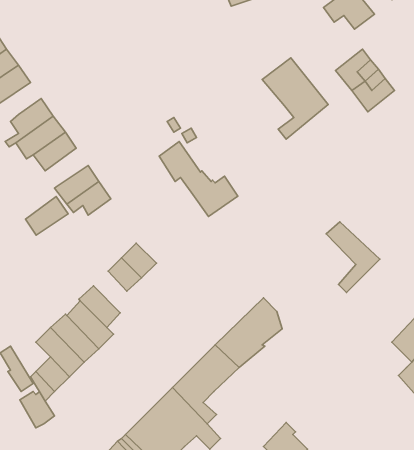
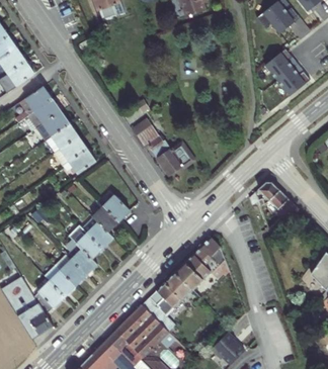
building: [262,58,328,139] -> none
building: [25,196,68,235] -> [46,123,78,153]
building: none -> [82,216,113,248]

